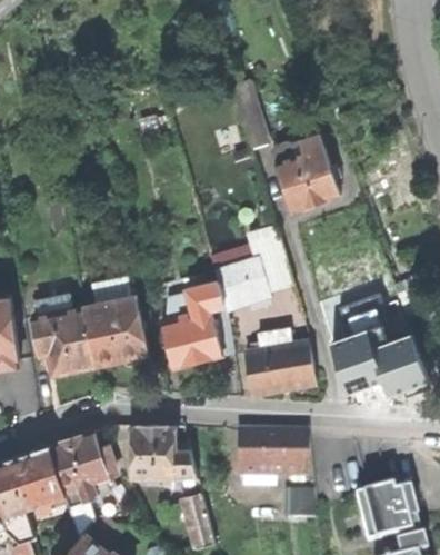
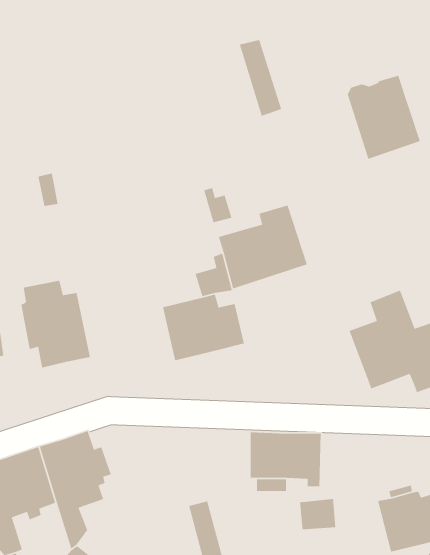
building: [271,135,338,211] -> [347,75,421,160]
building: [83,286,147,366] -> none
building: [244,330,314,394] -> none
building: [112,424,197,479] -> none

